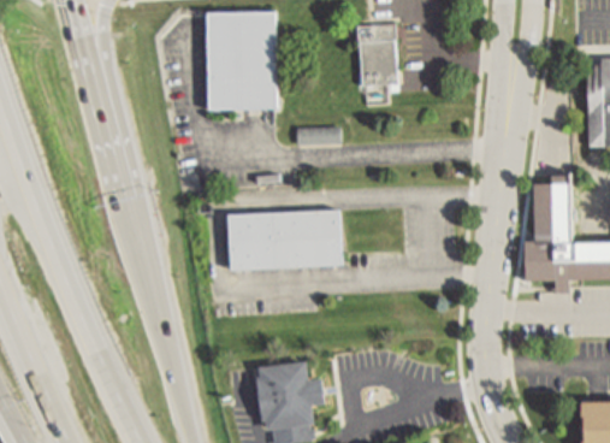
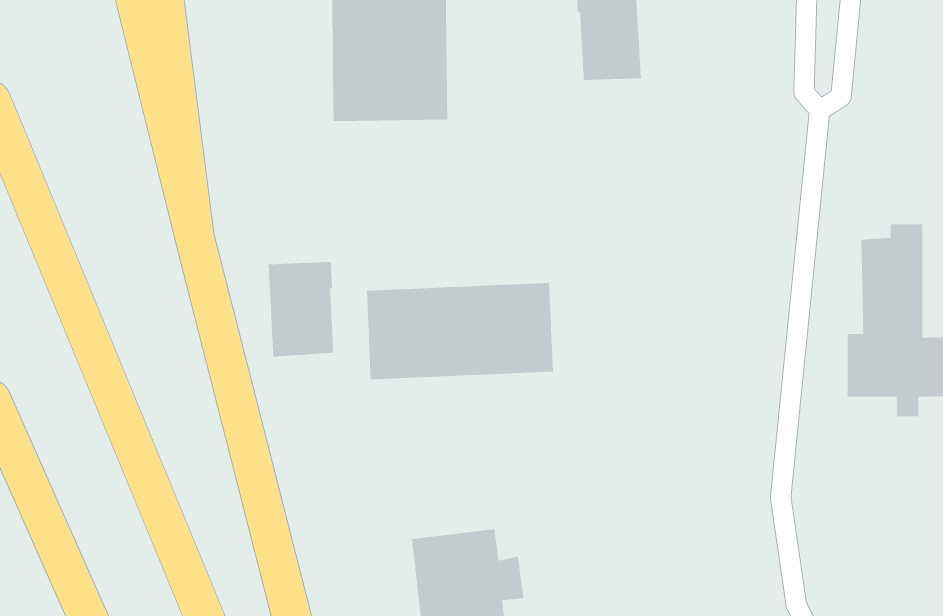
building: [296,128,340,144] -> none
building: none -> [268,261,334,357]

